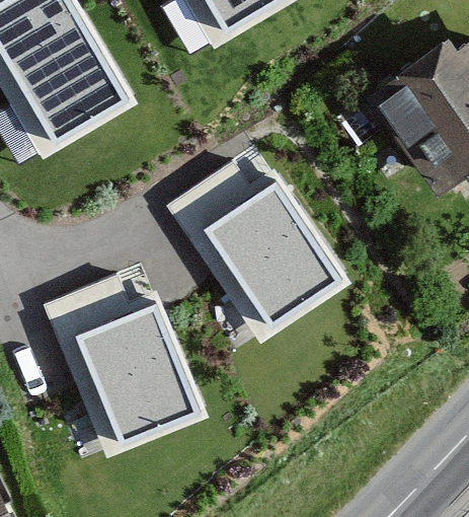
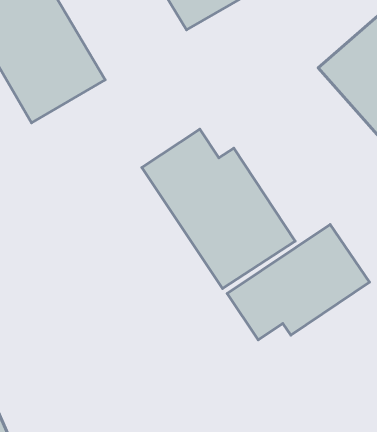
building: none -> [227,225,370,340]
building: [44,272,199,456] -> none

